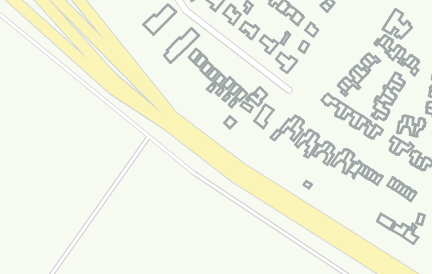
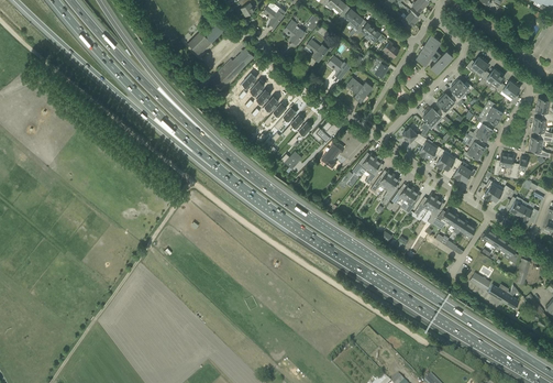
building: [383,9,412,38] -> [416,34,451,69]

